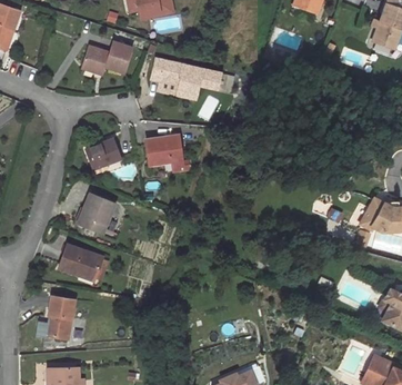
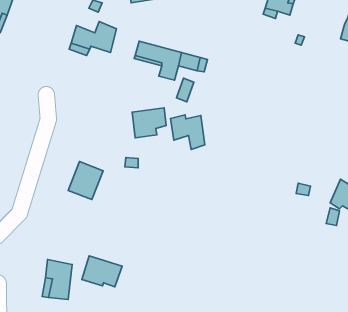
building: [83,132,122,167] -> none
building: none -> [171,115,205,150]
building: [63,240,107,274] -> [82,256,122,287]

